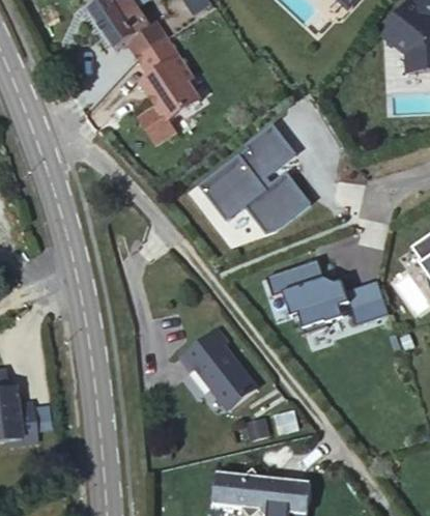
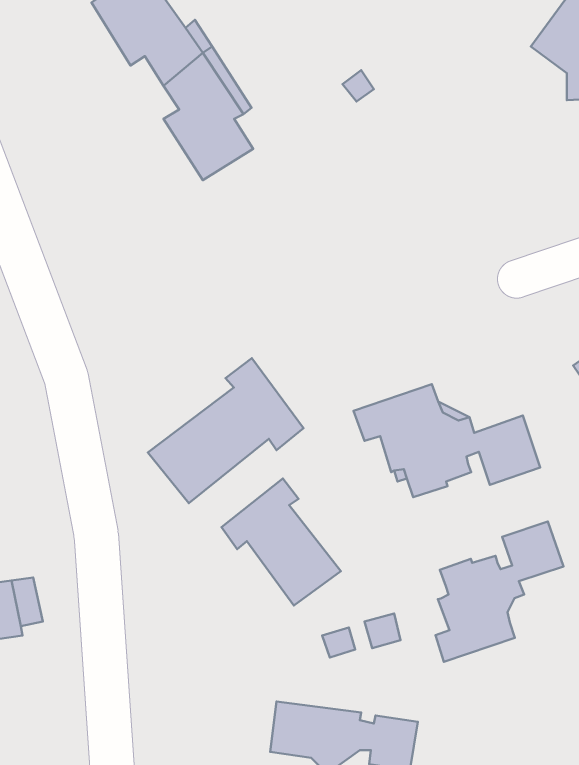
building: [199,125,309,234] -> none
building: none -> [148,358,303,503]
building: none -> [436,521,563,662]

